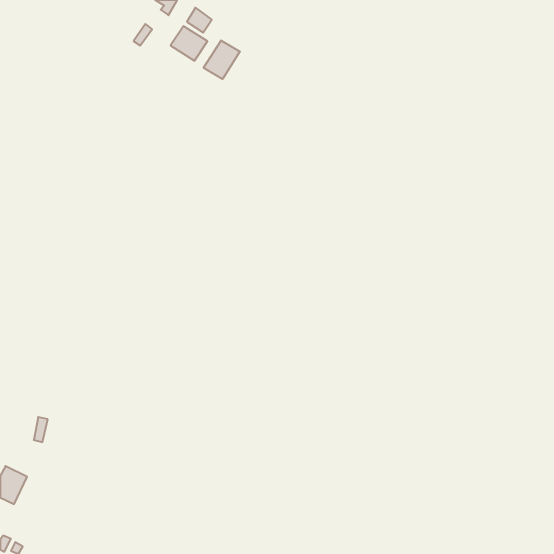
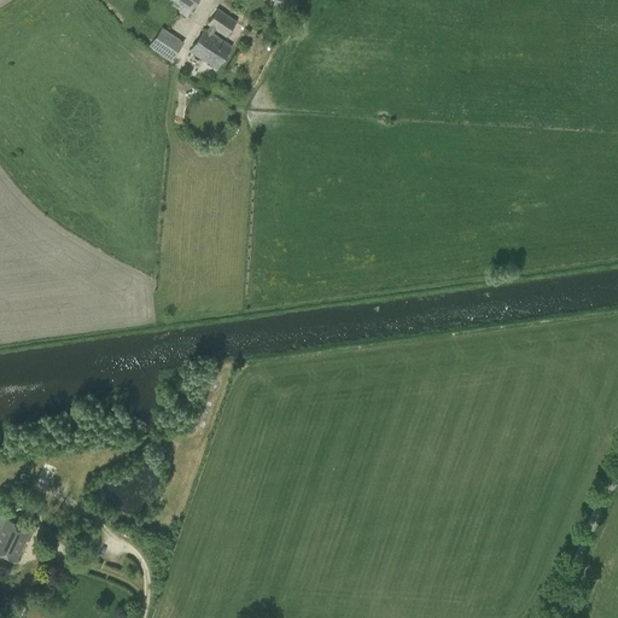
building: [204,40,240,79] -> none

